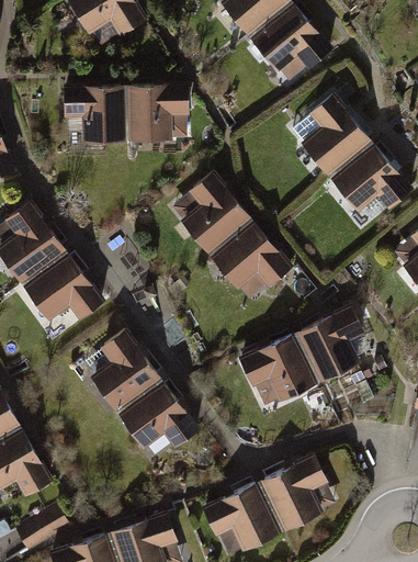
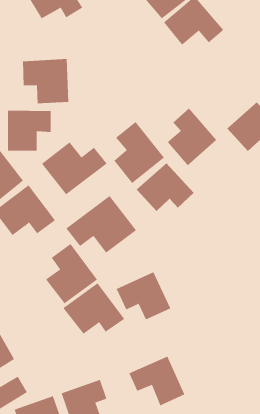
building: [127,85,187,139] -> [7,110,52,151]
building: [303,95,370,173] -> [167,108,217,166]
building: none -> [41,142,107,195]
building: none -> [65,195,137,253]
building: [300,306,364,379] -> none
building: [242,335,316,400] -> [116,271,171,320]
building: [262,458,326,527] -> none

